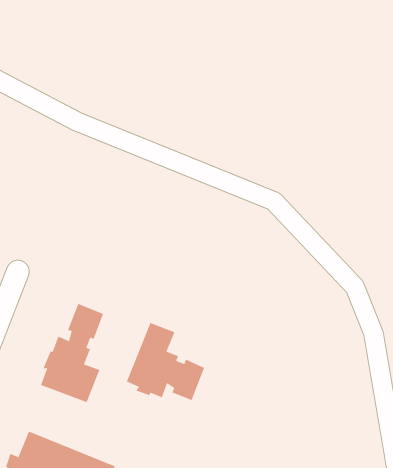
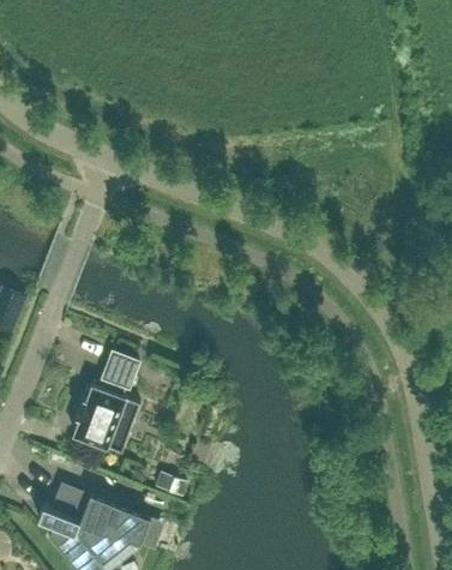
building: [126,322,205,401] -> none

